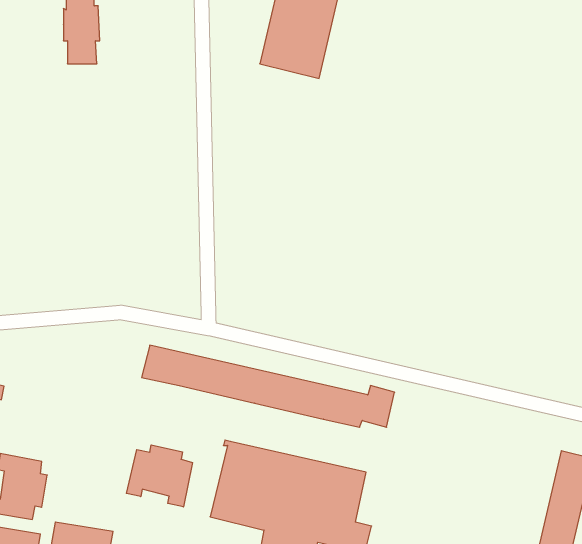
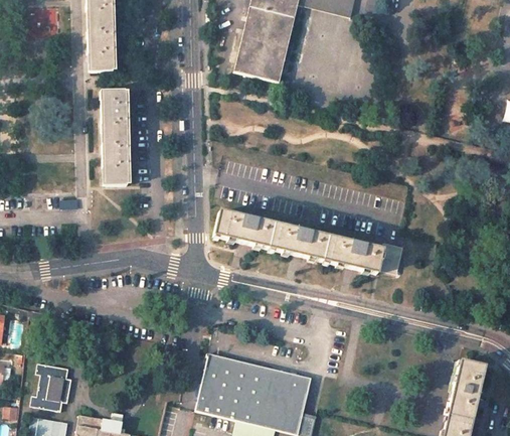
building: none -> [102,90,130,184]
building: [142,345,395,427] -> [213,211,402,273]
building: [126,445,192,507] -> none

